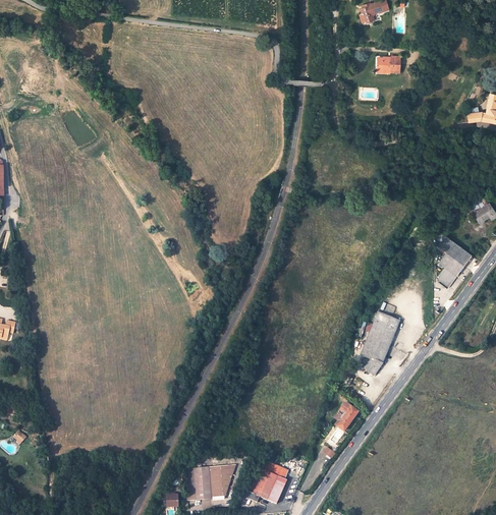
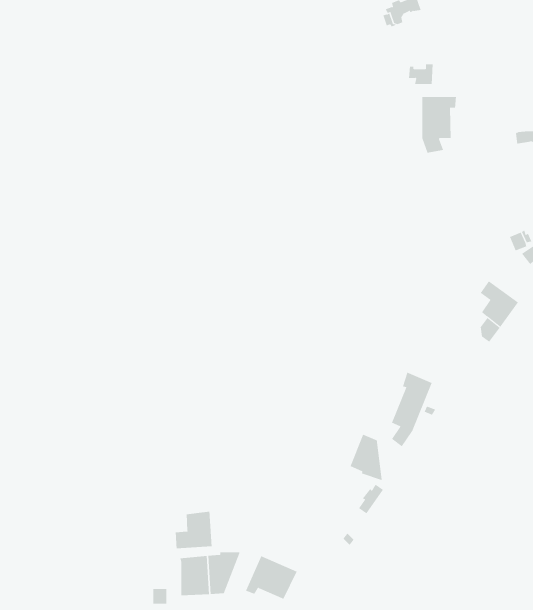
building: none -> [422,96,457,154]
building: none -> [350,434,382,481]
building: none -> [175,511,212,549]

